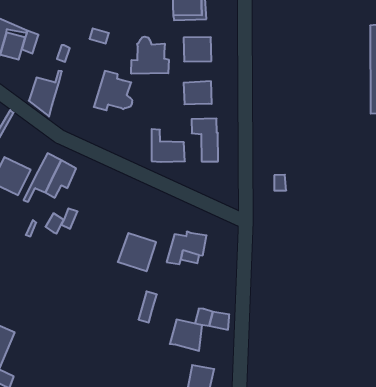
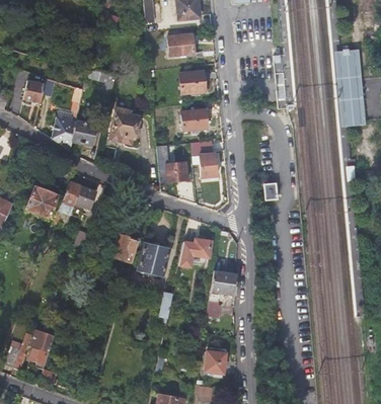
building: [131,37,169,74] -> none
building: none -> [72,119,96,143]
building: none -> [113,234,139,261]
building: [170,320,202,351] -> [211,270,237,296]

